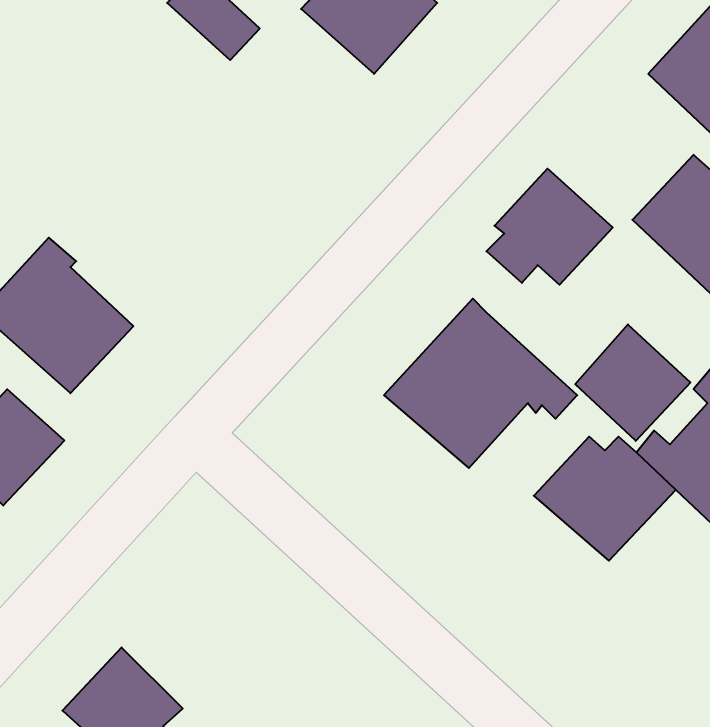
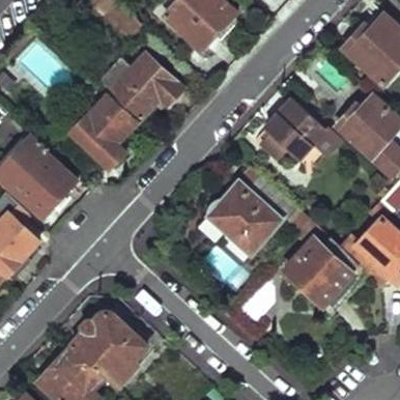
building: none -> [105,54,182,119]
building: none -> [72,96,135,169]
building: [575,324,690,441] -> none
building: none -> [70,310,147,388]

